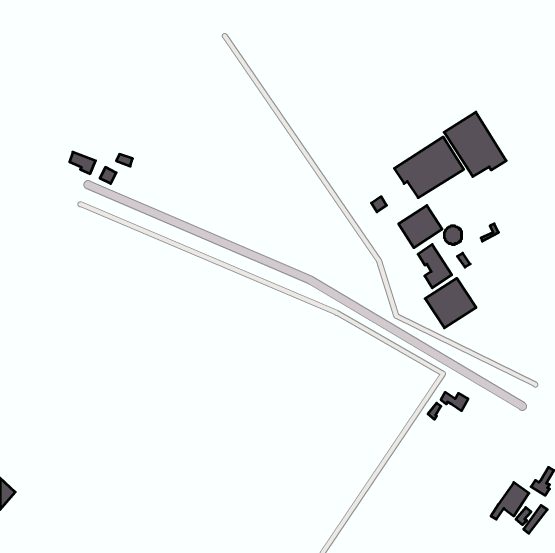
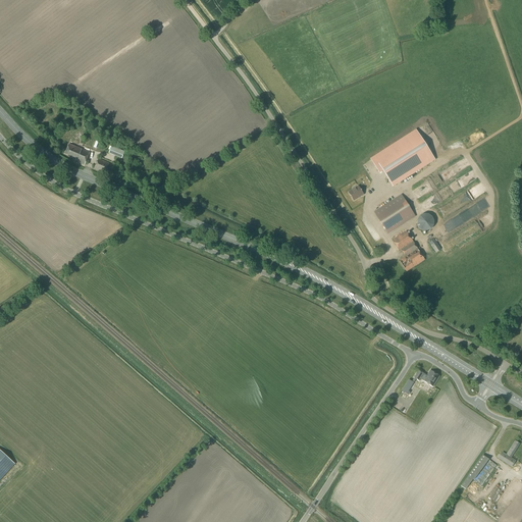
building: [444,112,506,177] -> none
building: [425,278,476,328] -> none

